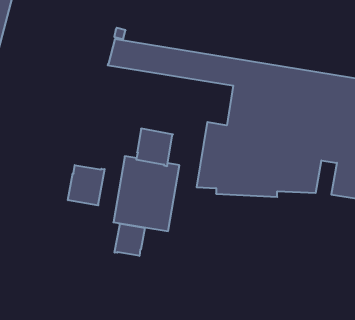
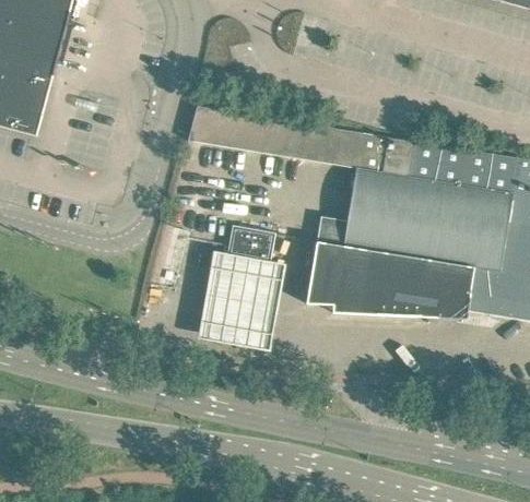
building: [68,165,105,205] -> none
building: [115,224,145,256] -> none

